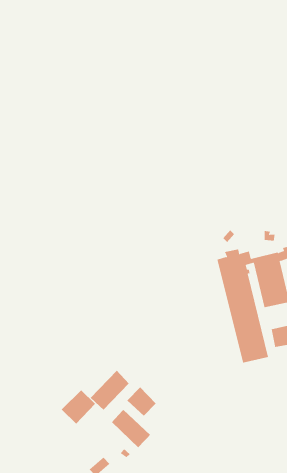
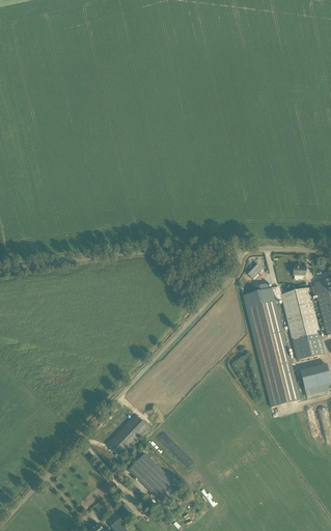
building: [127,386,157,417] -> none
building: [61,389,96,424] -> none

